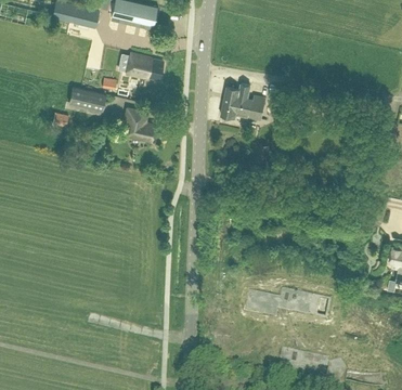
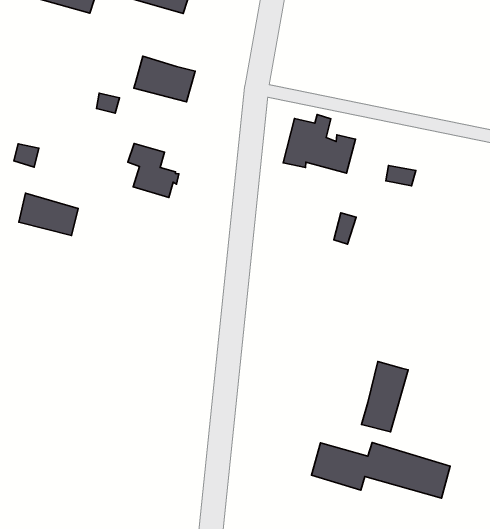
building: [68,86,105,110] -> [19,193,78,236]
building: none -> [361,361,408,432]

